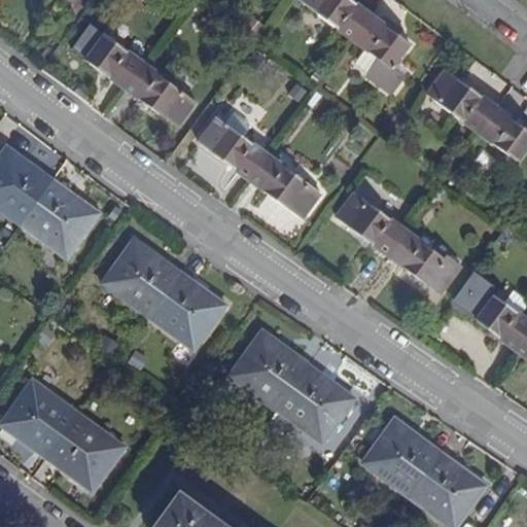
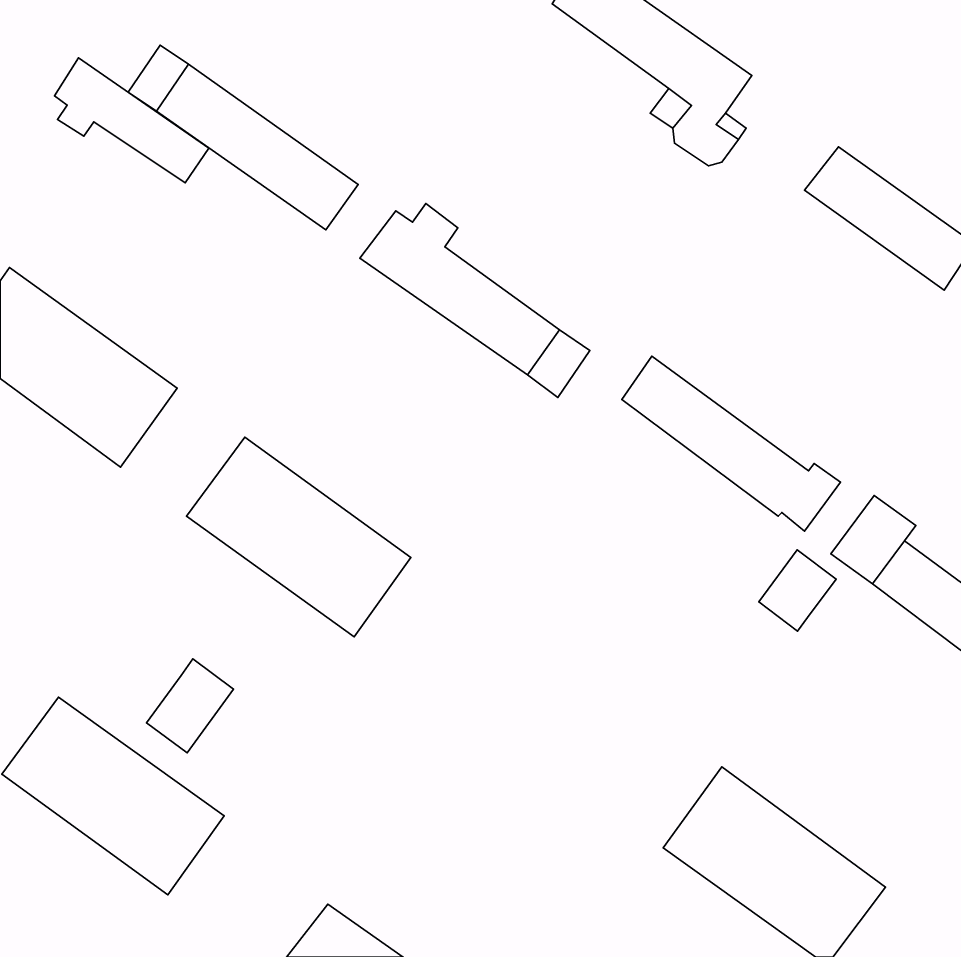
building: none -> [54,58,209,183]
building: none -> [759,550,836,631]
building: [232,332,353,442] -> none
building: none -> [147,659,233,753]

